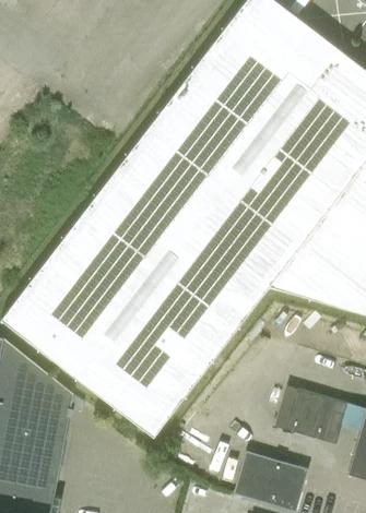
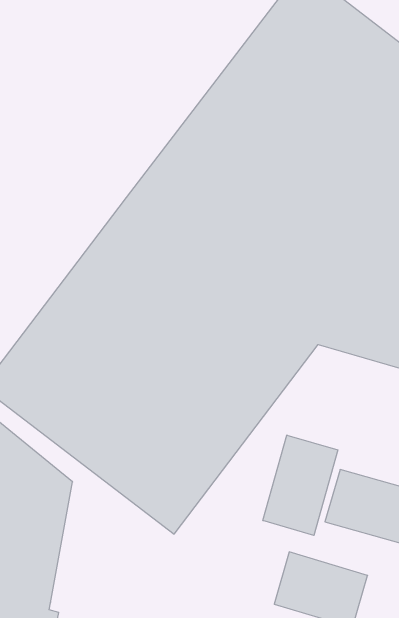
building: none -> [263,435,338,535]

